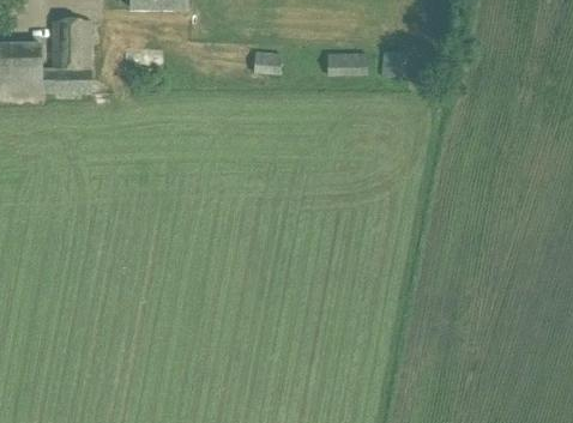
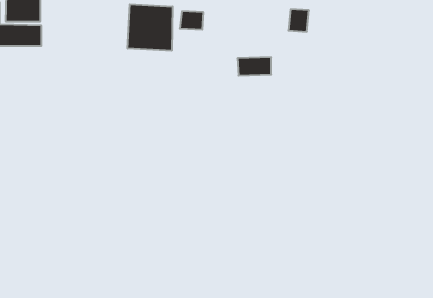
building: none -> [128,4,173,51]
building: [326,53,366,74] -> [237,57,271,76]

